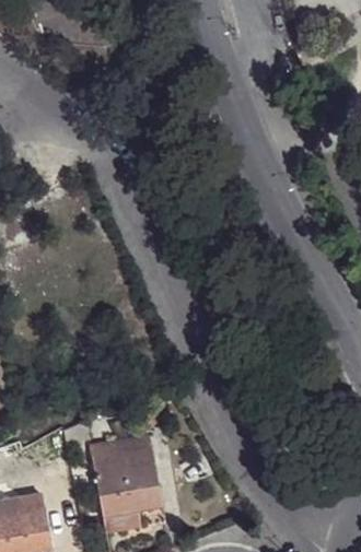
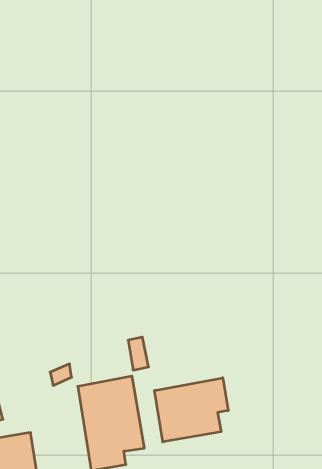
building: none -> [155,378,228,442]

